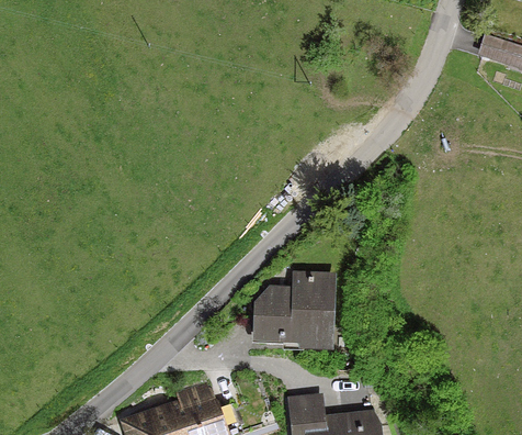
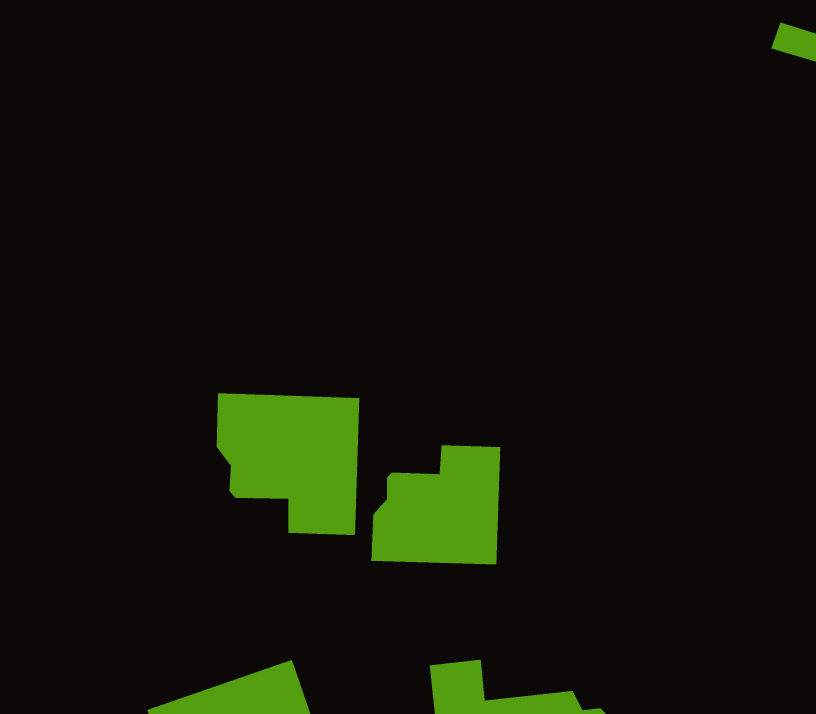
building: none -> [216,393,360,536]

